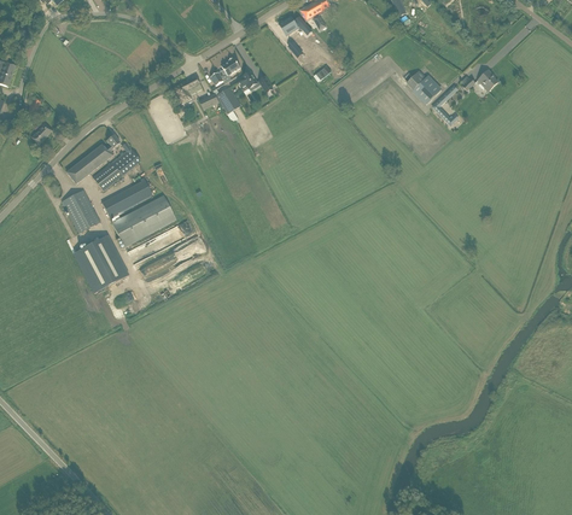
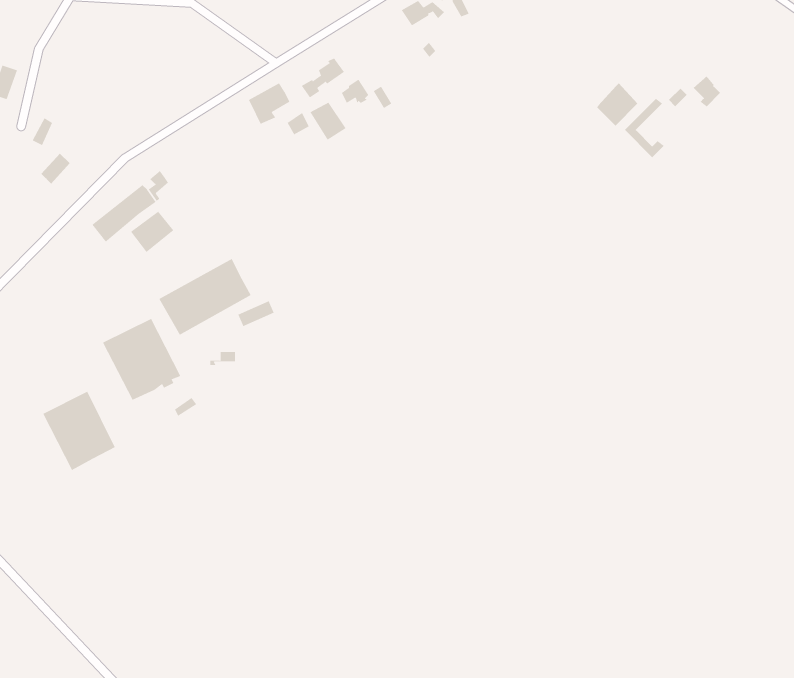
building: [101,176,152,217] -> none
building: [62,188,100,230] -> none
building: none -> [42,391,116,471]

